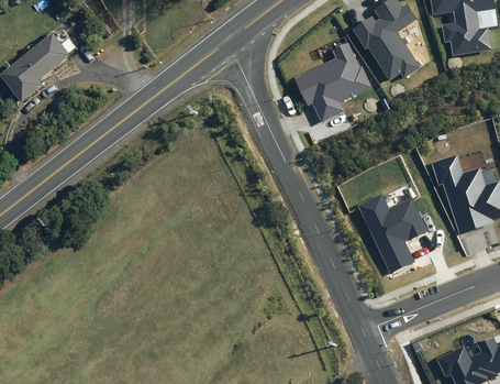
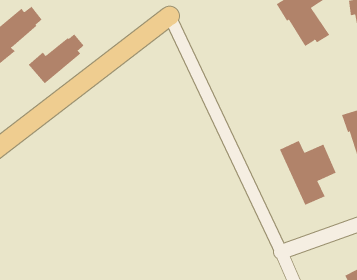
building: [296,42,374,122] -> none
building: none -> [28,34,84,84]

